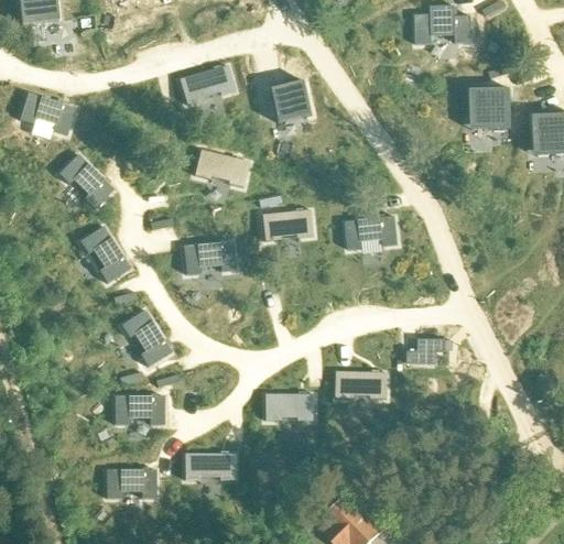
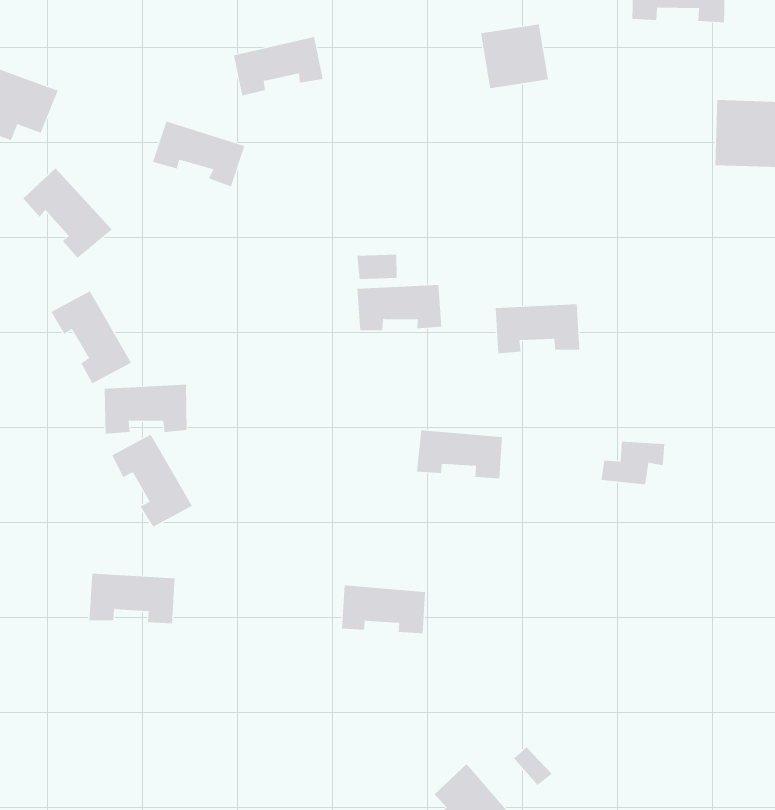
building: [270,80,313,121] -> [480,24,549,89]
building: [193,150,248,187] -> [152,121,245,187]
building: [182,241,234,274] -> [104,384,188,434]
building: [406,339,444,365] -> [600,441,665,485]
building: [336,371,387,398] -> [416,430,503,479]
building: [184,454,234,479] -> none
building: [105,469,154,497] -> none

